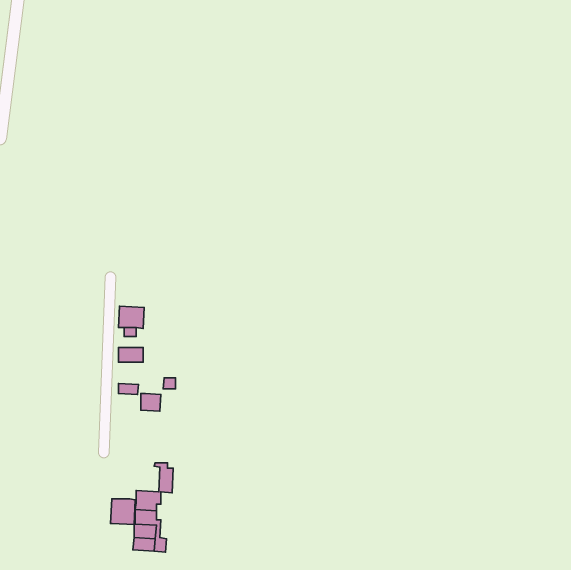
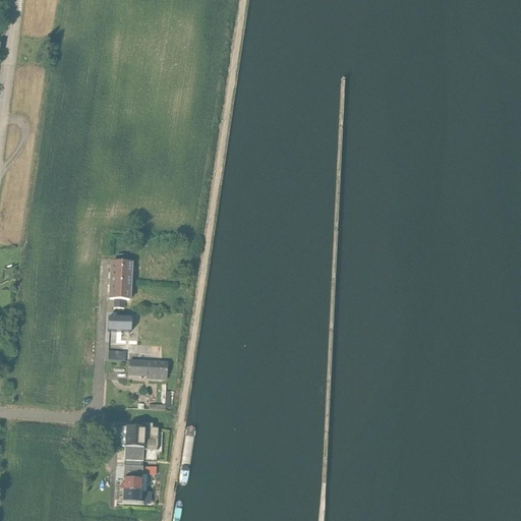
building: none -> [109,259,132,280]
building: none -> [146,359,168,379]
building: [111,499,135,525] -> [123,424,146,448]

